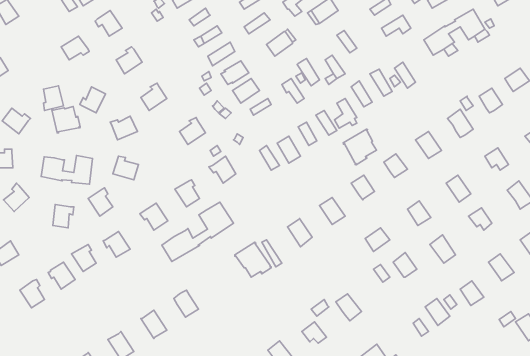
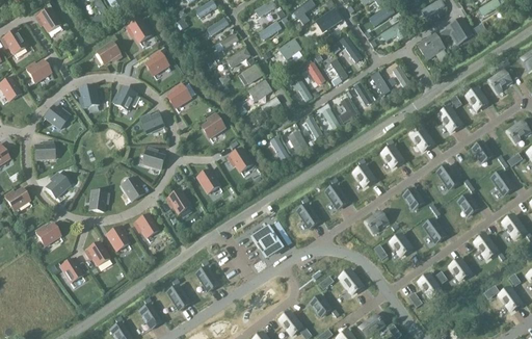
building: [52,107,80,133] -> none
building: [343,129,376,165] -> none
building: [41,156,93,184] -> none
building: [162,202,233,262] -> none

